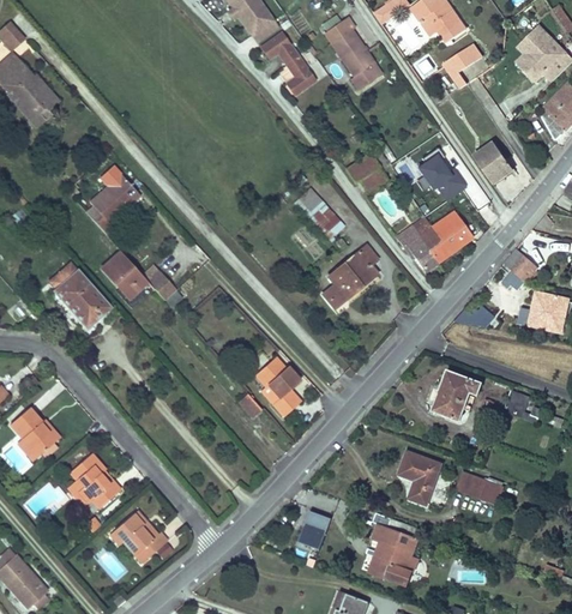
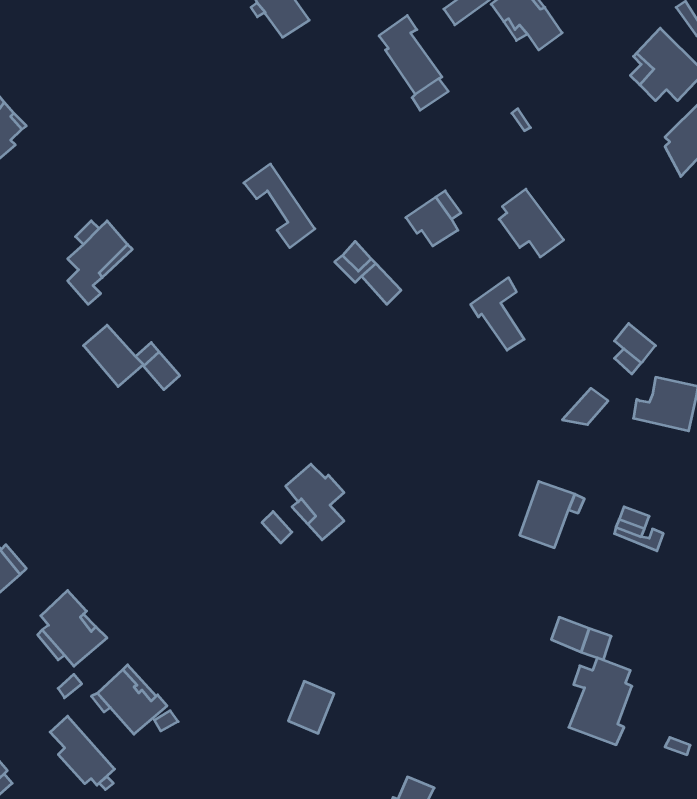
building: [261,31,315,95] -> [244,164,315,248]
building: [442,43,481,89] -> none
building: [474,142,513,185] -> none
building: [419,210,472,261] -> none
building: [323,245,377,307] -> none
building: [49,263,108,325] -> none
building: [399,451,441,504] -> none
building: [297,513,332,553] -> [288,681,334,733]
building: [369,518,417,584] -> [569,658,632,745]
building: none -> [50,716,115,785]

